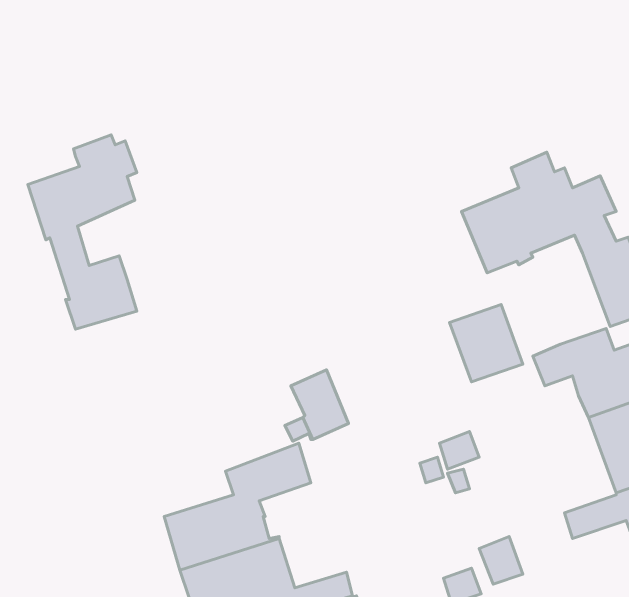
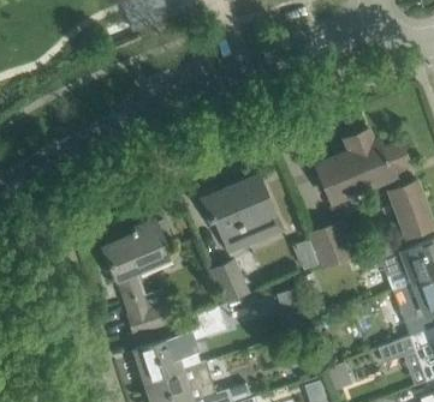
building: [28,135,137,329] -> [105,217,171,335]
building: none -> [200,175,274,246]

